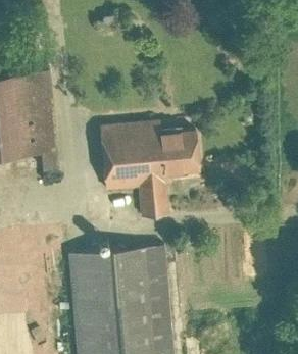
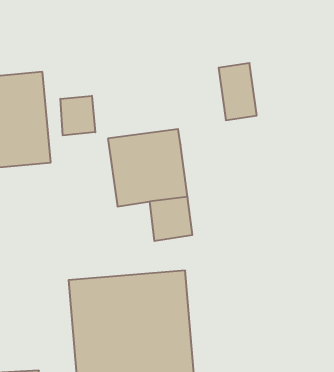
building: none -> [60,96,95,135]
building: [164,133,197,182] -> [219,63,257,120]

